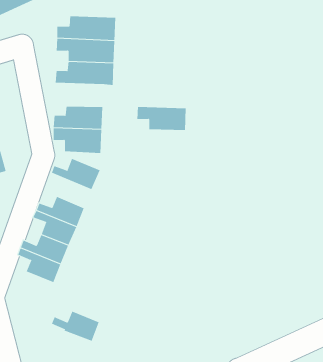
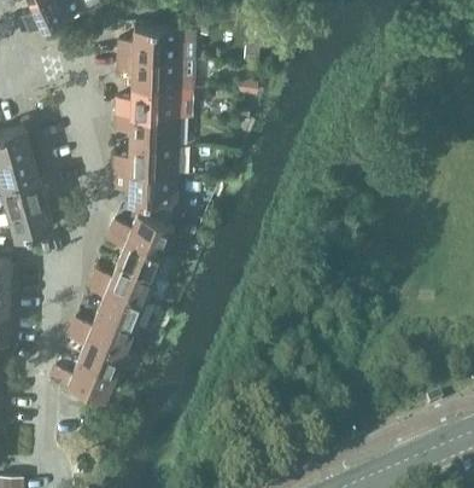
building: [136,106,187,131] -> [115,114,180,145]
building: none -> [107,231,164,277]
building: [51,311,100,342] -> [52,359,115,399]

